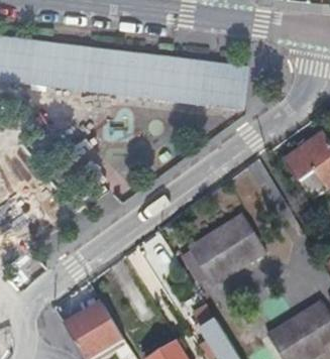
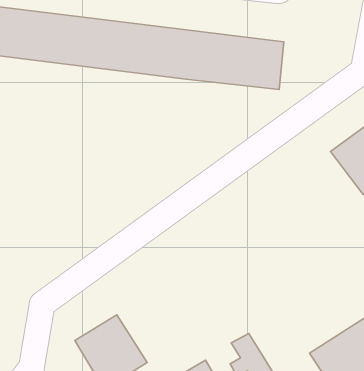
building: [190,214,267,286] -> none

